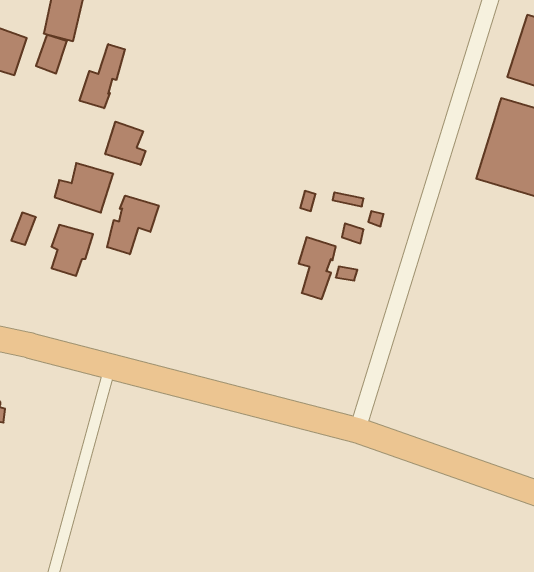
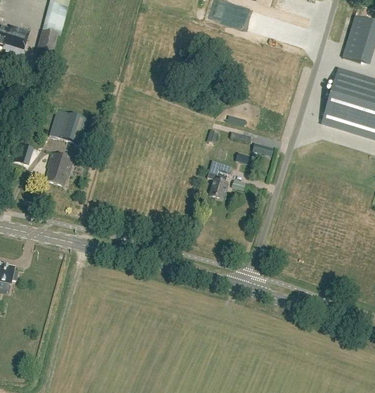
building: [80,44,125,108] -> none
building: [105,122,146,165] -> none
building: [107,196,159,254] -> none

